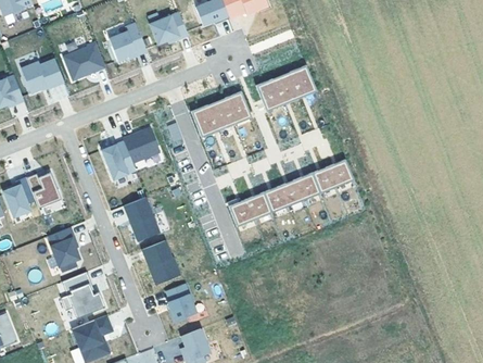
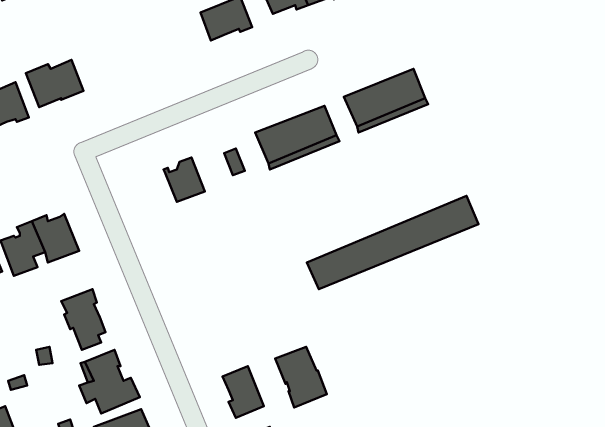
building: [110,23,148,61] -> none
building: [63,42,106,80] -> none
building: [101,141,136,180] -> none
building: [124,197,160,241] -> none
building: [142,240,180,285] -> [275,347,327,407]

